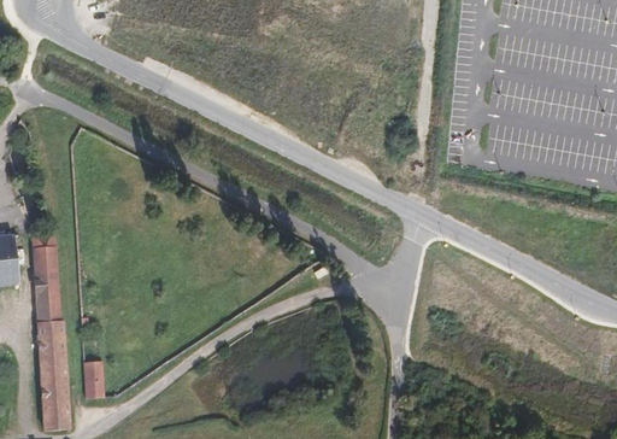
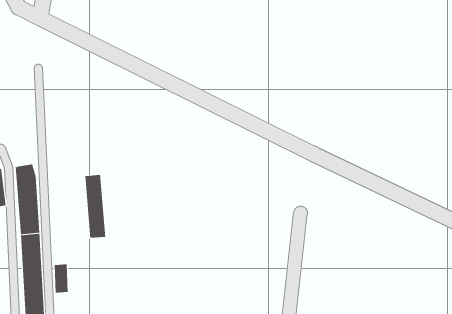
building: none -> [85,174,106,238]

